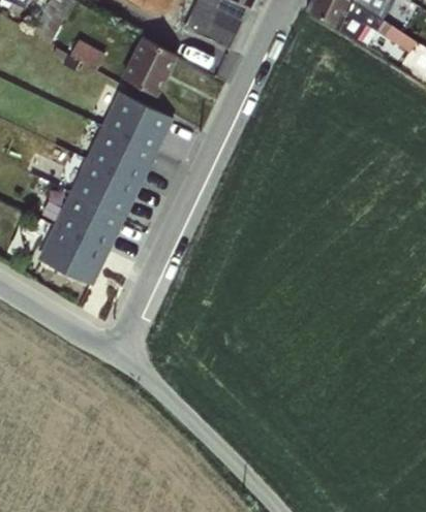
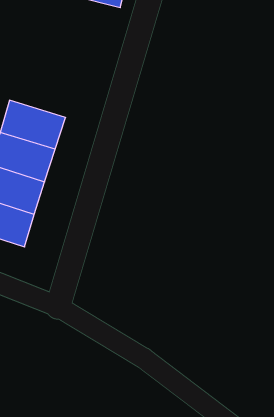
building: [125,31,184,91] -> none
building: [99,93,172,154] -> none

